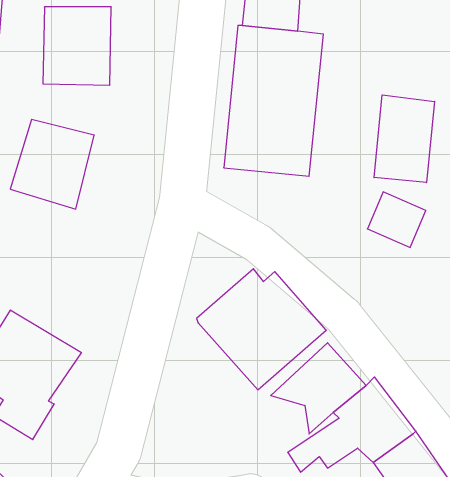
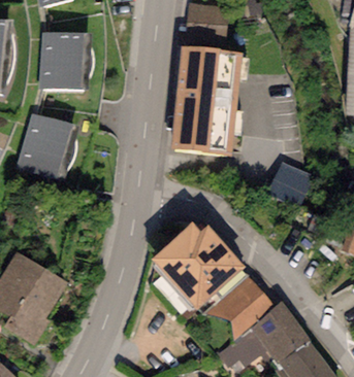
building: [374,95,435,183] -> none

